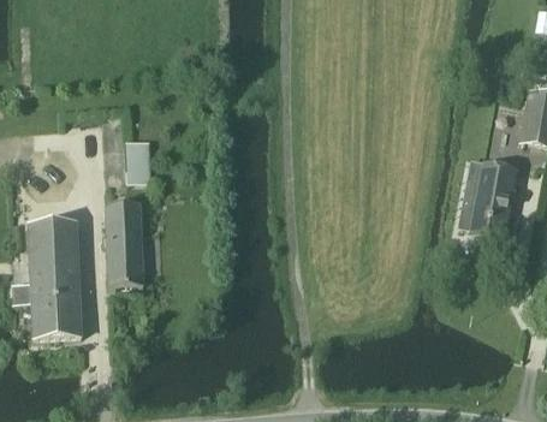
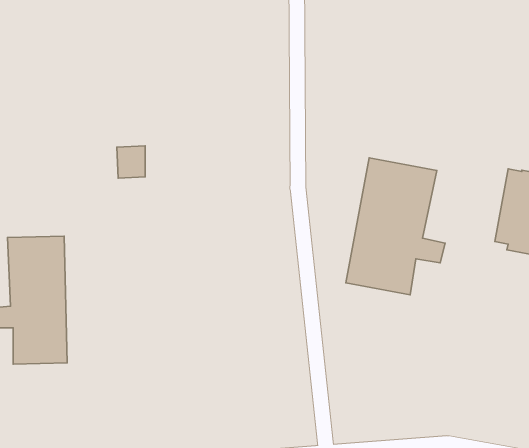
building: none -> [346,158,445,295]
building: [105,202,143,285] -> none

